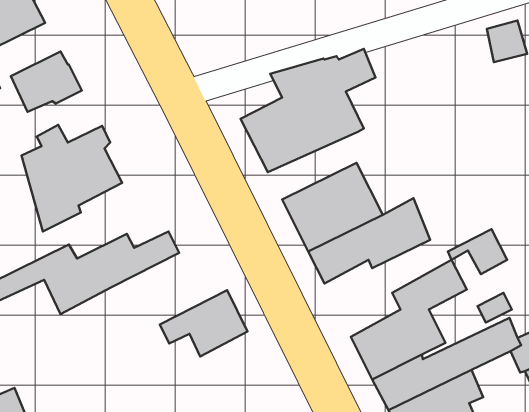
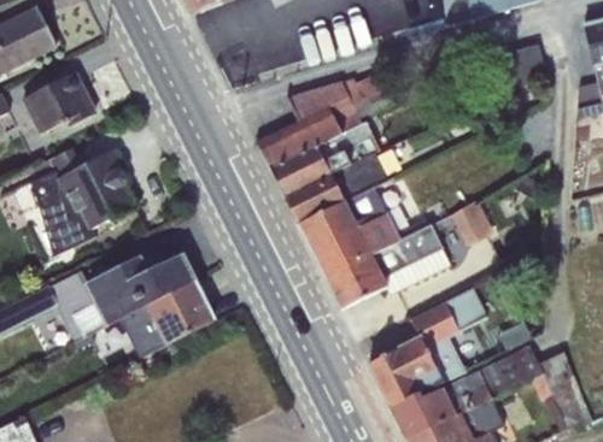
building: none -> [283,154,387,223]
building: [448,229,507,274] -> [433,199,493,244]
building: [160,290,247,356] -> [124,277,213,344]

